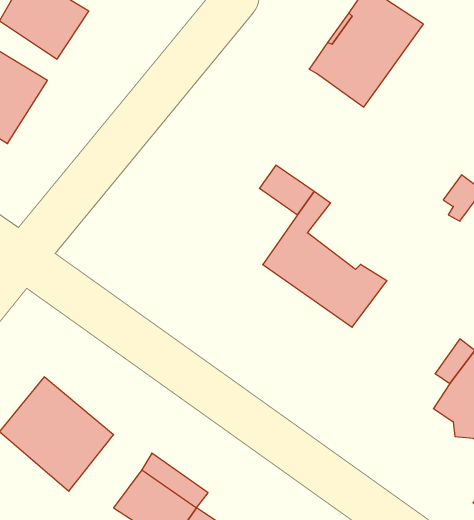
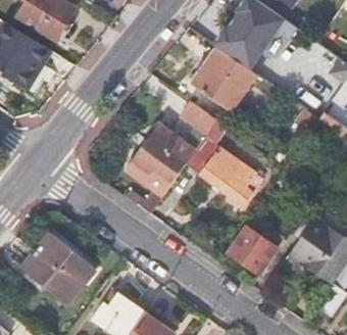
building: none -> [192,48,256,111]
building: none -> [129,127,195,195]
building: none -> [230,229,284,275]

